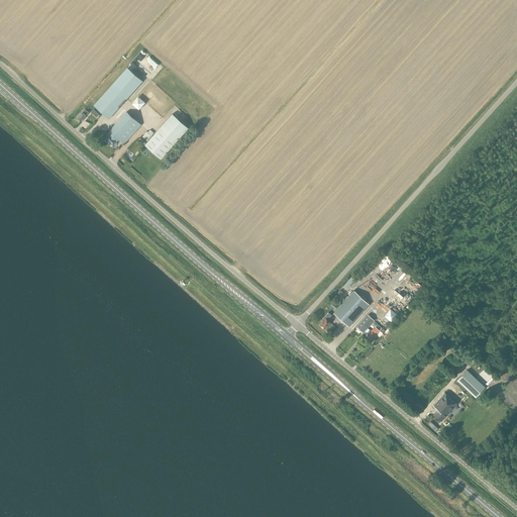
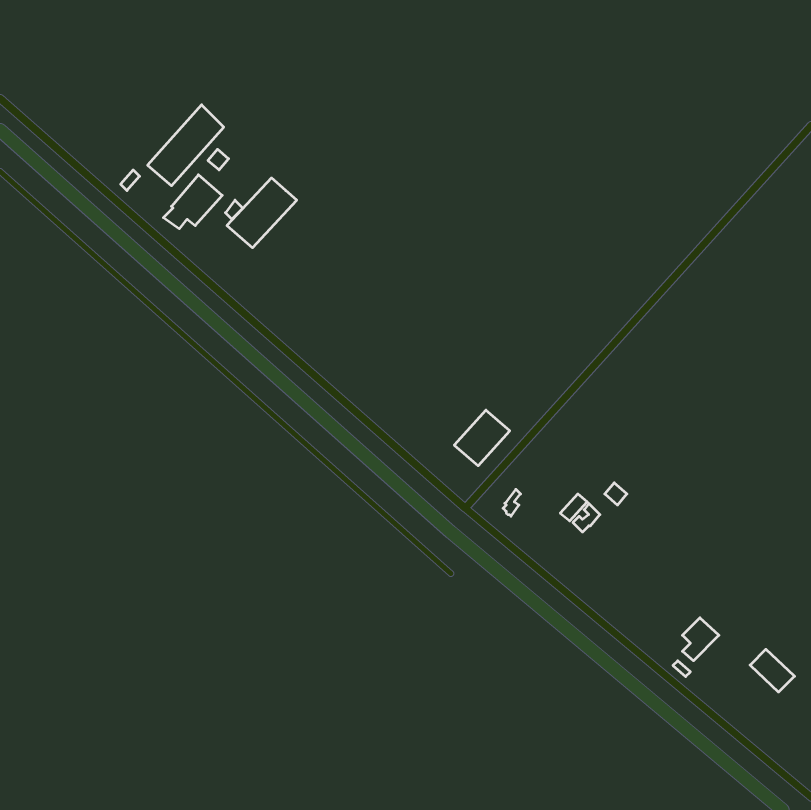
building: [334,290,370,325] -> [454,410,510,466]
building: [457,370,486,397] -> [750,649,795,692]

